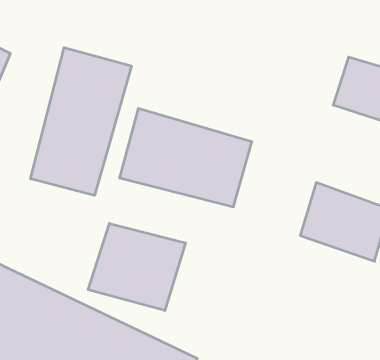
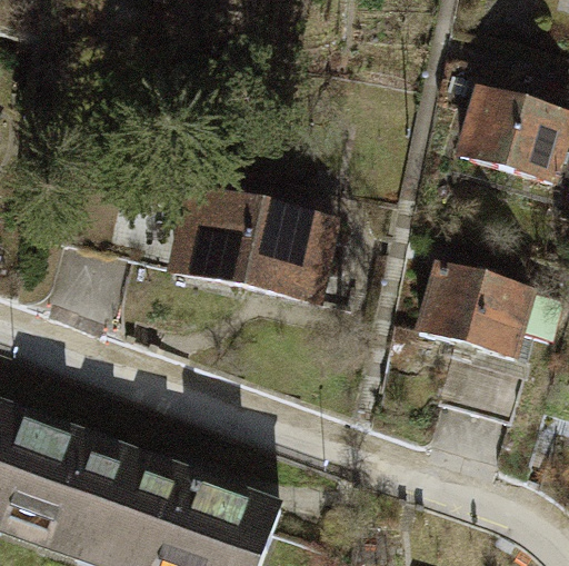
building: [31,48,131,195] -> none
building: [88,223,186,311] -> none

